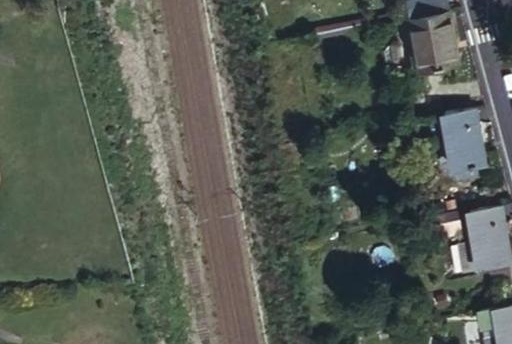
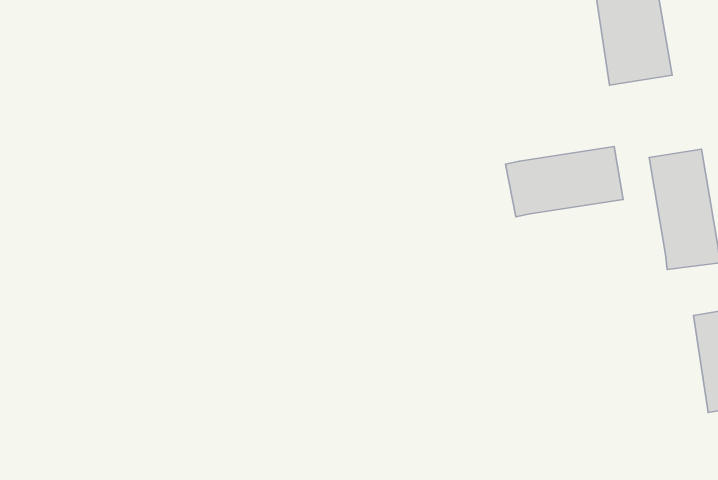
building: none -> [505,146,623,217]

